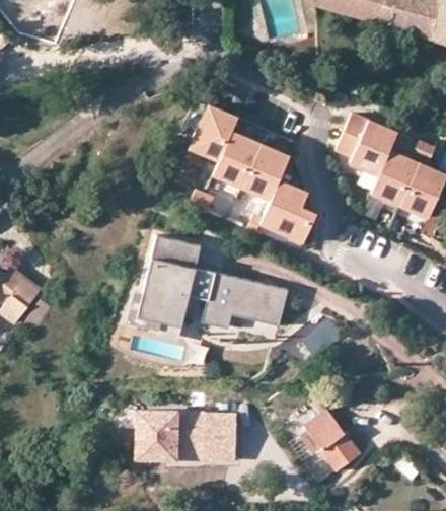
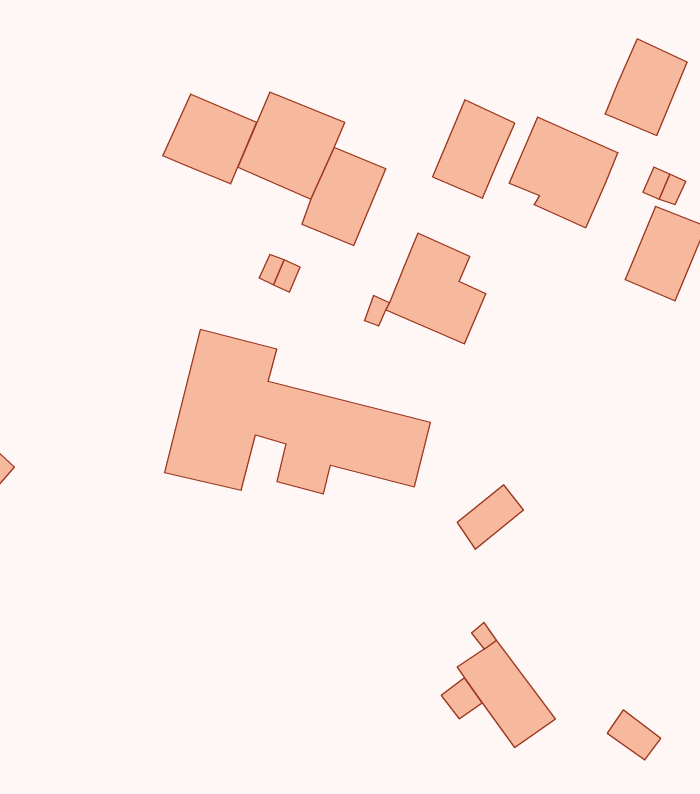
building: none -> [163,94,256,184]
building: [245,144,292,200] -> [433,100,515,198]
building: [370,152,417,207] -> [605,39,687,135]
building: [137,409,238,462] -> none

